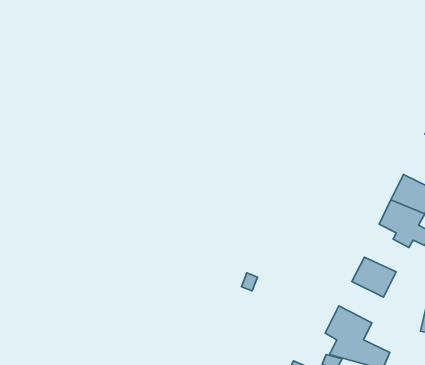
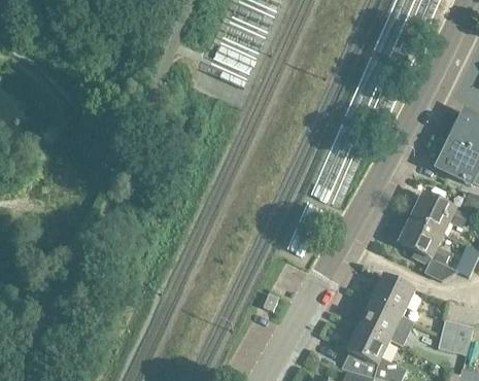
building: none -> [358,299,404,344]

